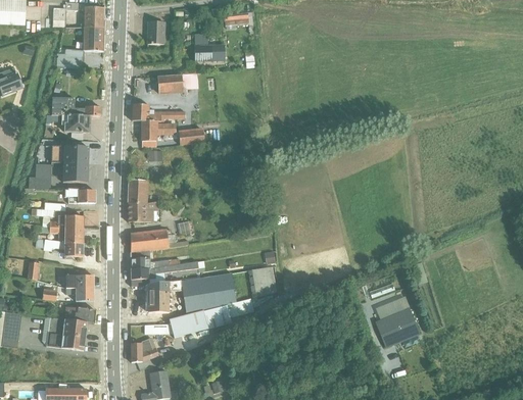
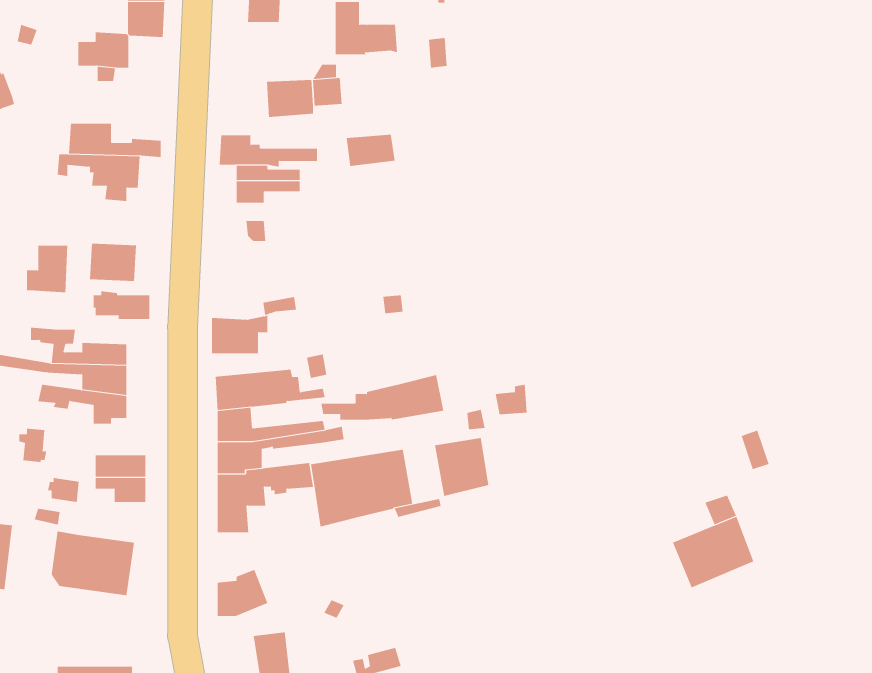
building: [178,127,204,144] -> [346,134,395,166]
building: [51,144,89,162] -> none
building: [128,179,148,202] -> none
building: [57,305,95,322] -> none
building: [144,308,210,333] -> [320,375,444,420]

